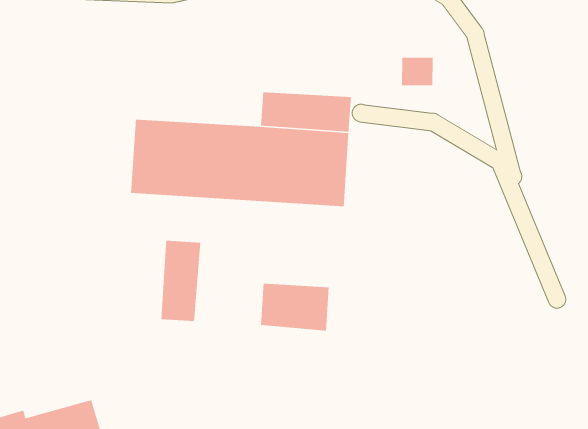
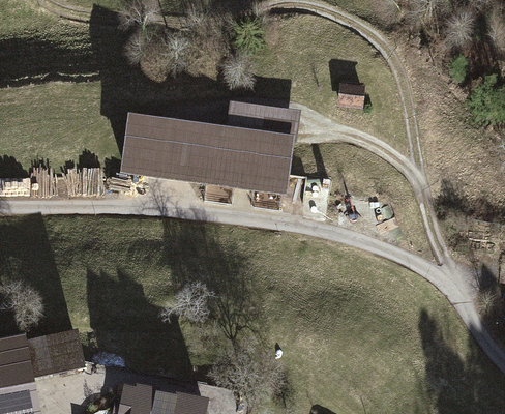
building: [161,240,201,322] -> none
building: [260,283,330,331] -> none

